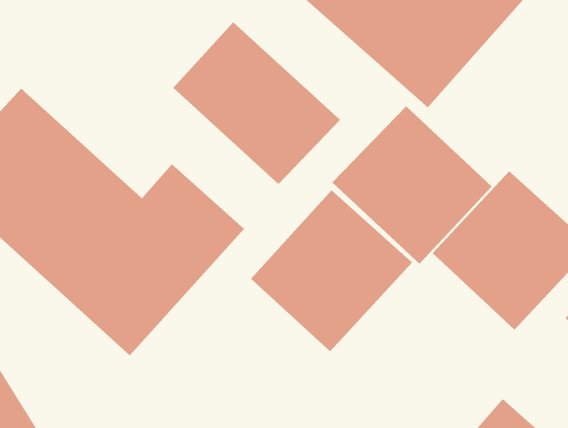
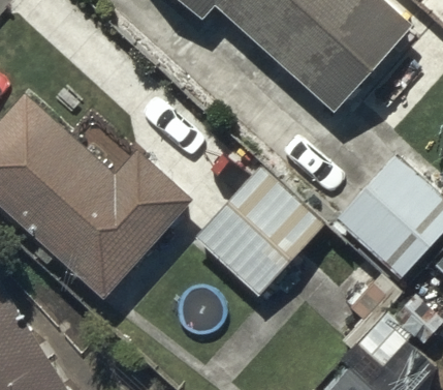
building: [173,21,341,185] -> none
building: [332,106,493,265] -> none

